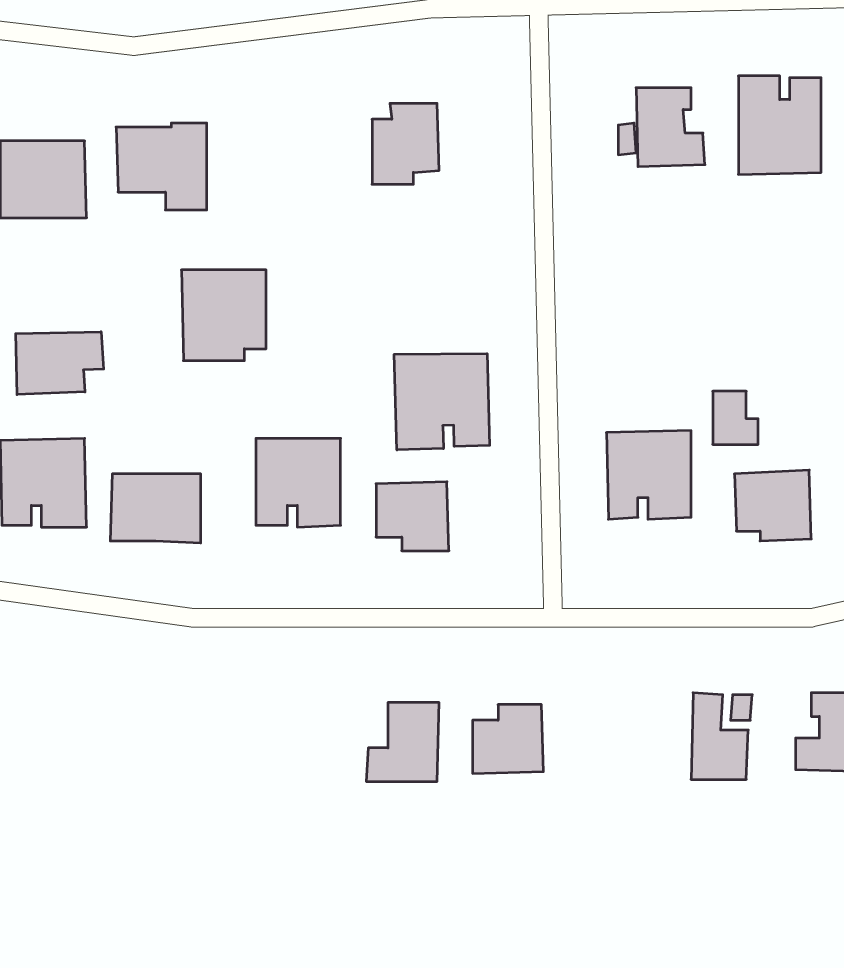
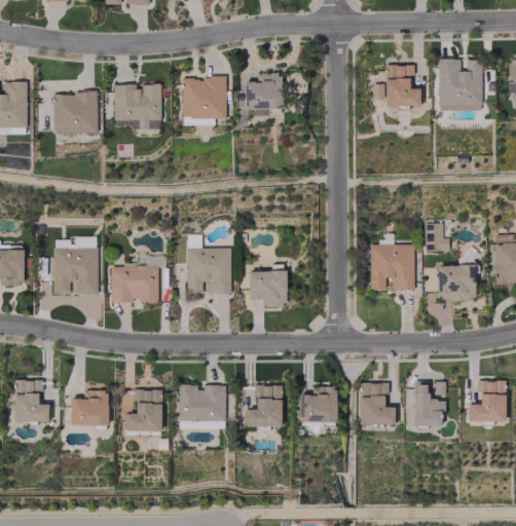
building: [181,270,266,361] -> [182,77,226,124]
building: [16,332,104,395] -> none
building: [394,354,490,450] -> none
building: none -> [360,382,395,424]
building: none -> [179,384,226,428]
building: none -> [124,389,162,431]
building: none -> [71,390,109,425]

